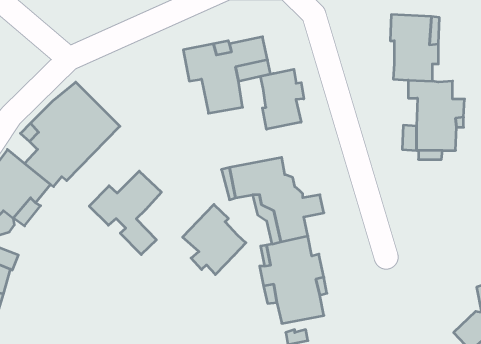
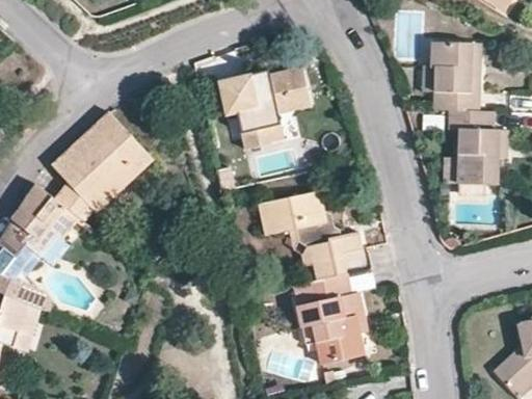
building: [260,69,304,129] -> none
building: [89,171,161,255] -> none
building: [183,204,246,275] -> none

